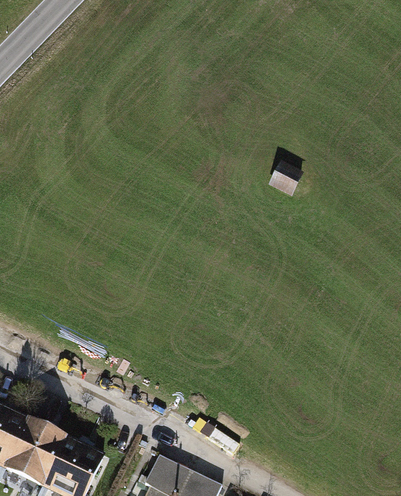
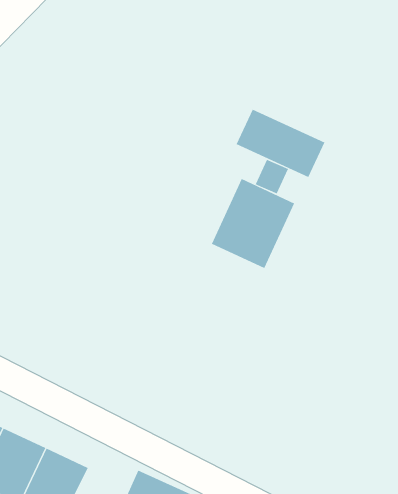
building: none -> [236,109,325,178]
building: none -> [211,178,295,269]

